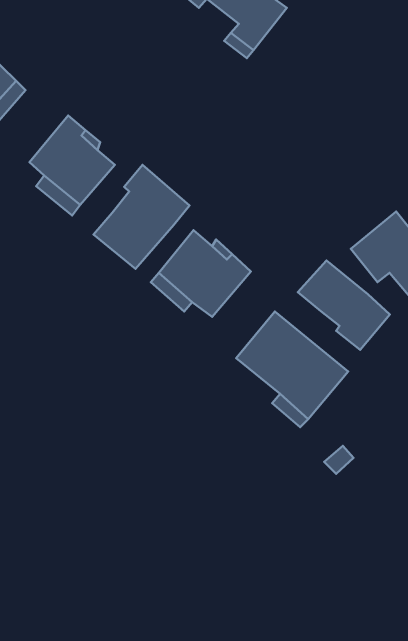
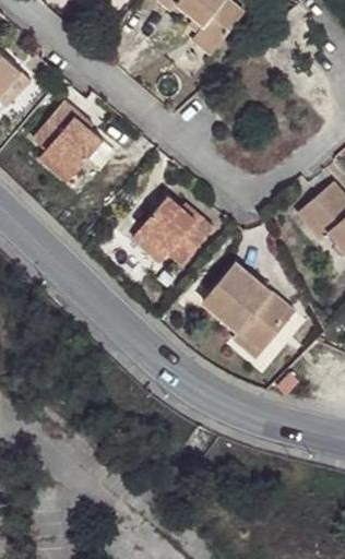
building: [94,165,189,269] -> none
building: [298,260,390,350] -> none

